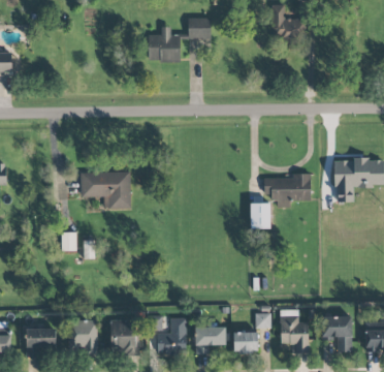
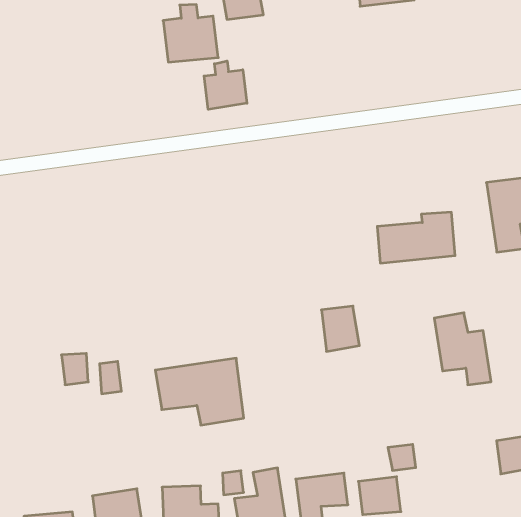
building: none -> [204,61,247,109]
building: [81,171,131,209] -> [155,358,244,425]
building: [251,203,271,228] -> [321,306,359,351]
building: [280,309,310,353] -> [434,313,491,385]

